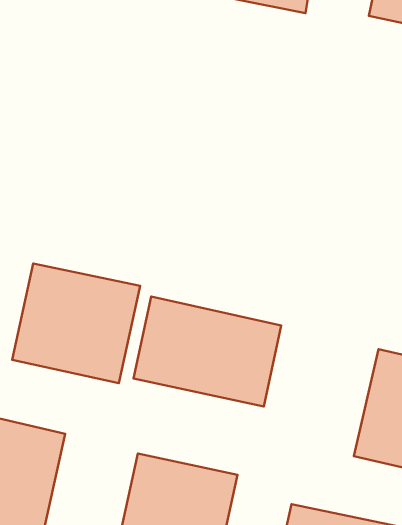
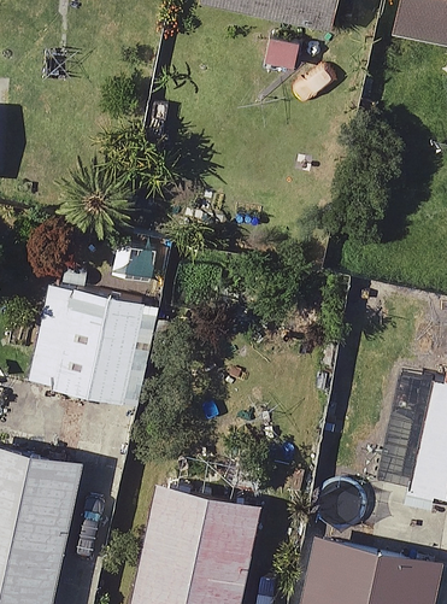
building: [133,297,281,407] -> none

